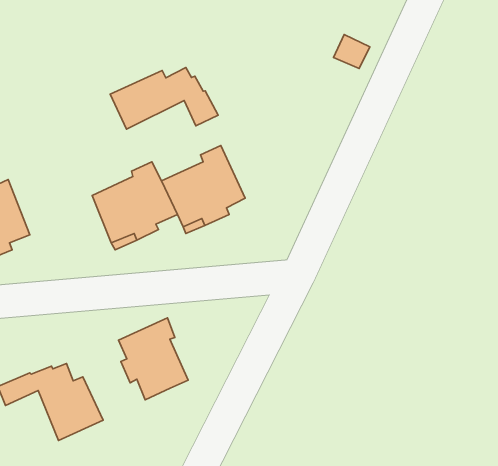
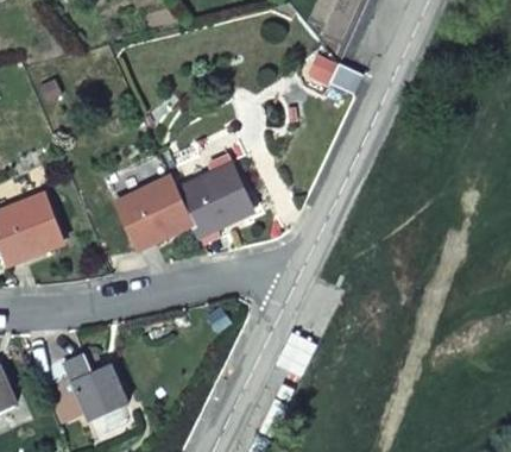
building: [110,68,218,129] -> none
building: [118,318,188,400] -> none

